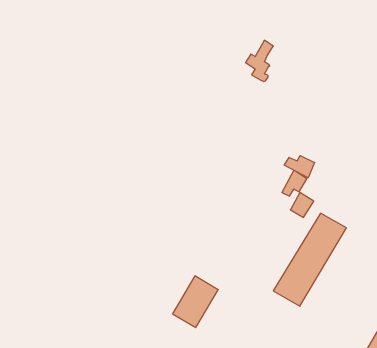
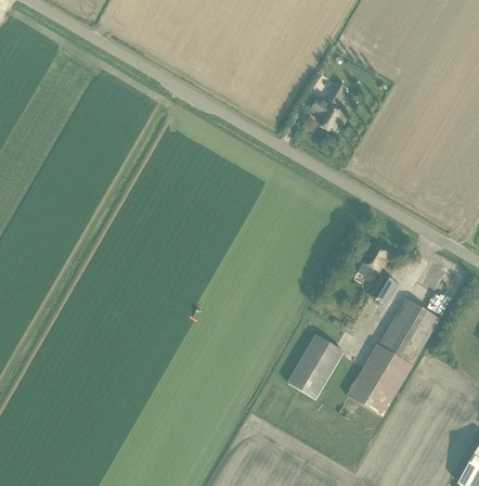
building: [284,156,315,178] -> none
building: [173,276,218,328] -> [286,333,344,398]

